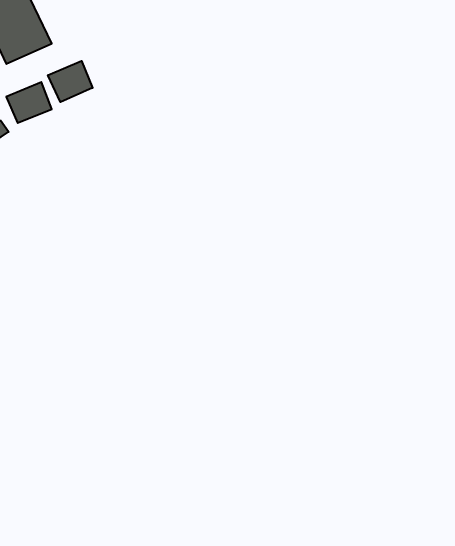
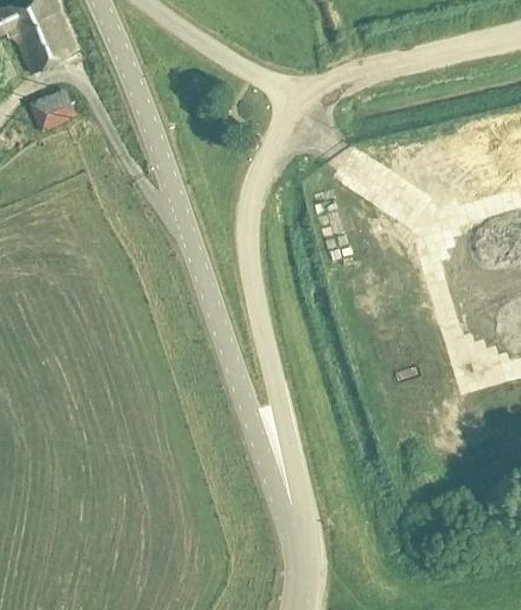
building: [48,61,93,102] -> none

